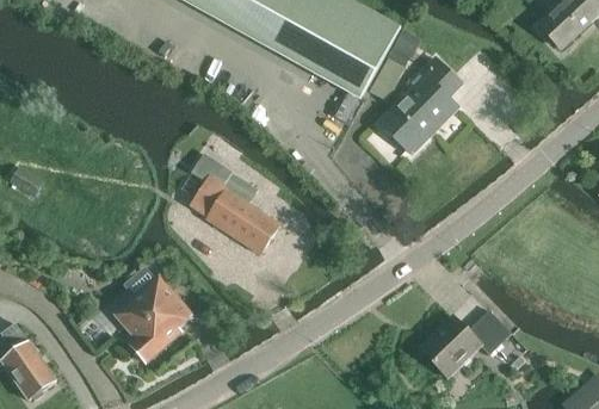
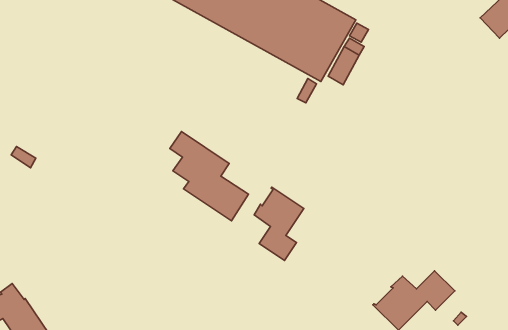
building: [379,56,461,150] -> none
building: none -> [254,187,304,261]
building: [115,274,192,361] -> none

